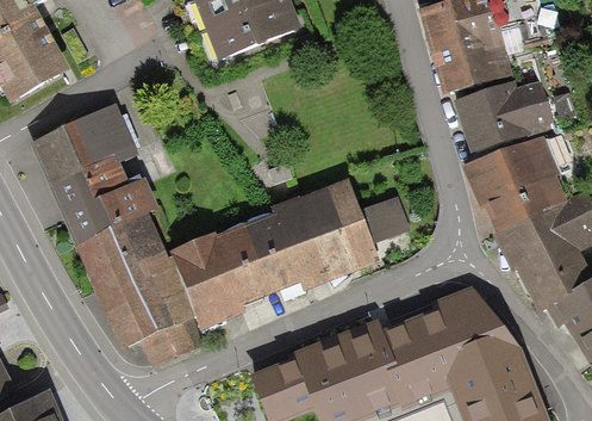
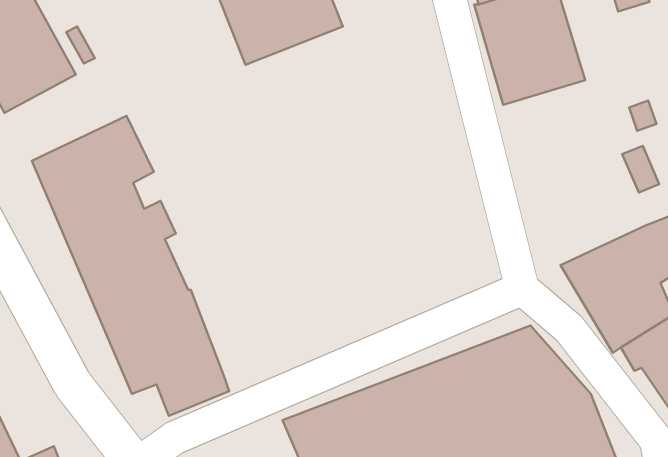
building: [451,79,555,154] -> none
building: [461,136,567,234] -> none
building: [169,175,412,329] -> none

